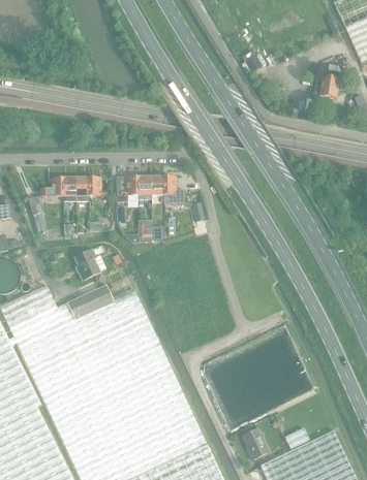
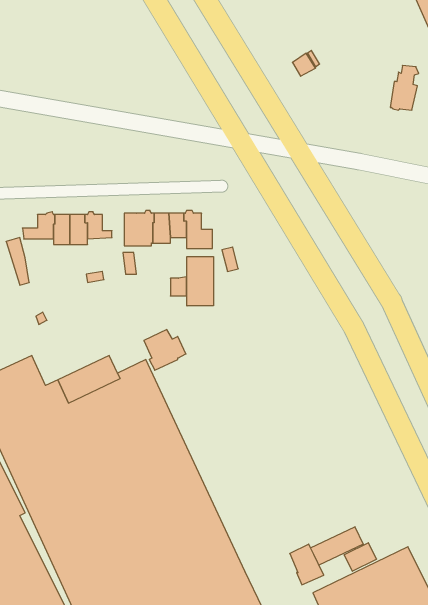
building: none -> [187,257,213,306]
building: [74,250,106,281] -> [144,330,186,370]
building: none -> [311,527,363,565]

